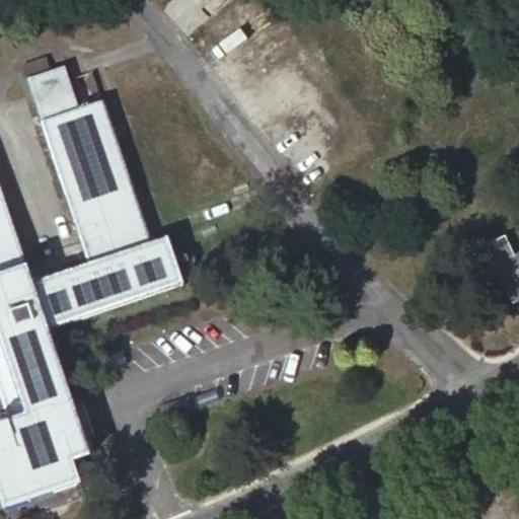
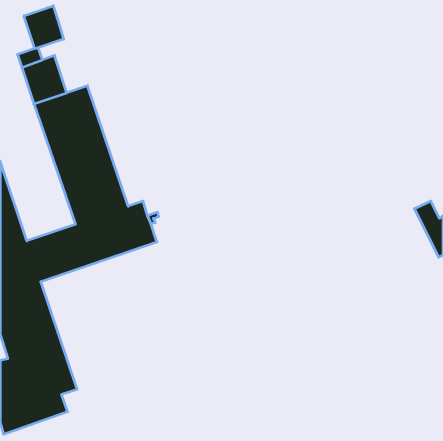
building: none -> [24,6,64,49]

